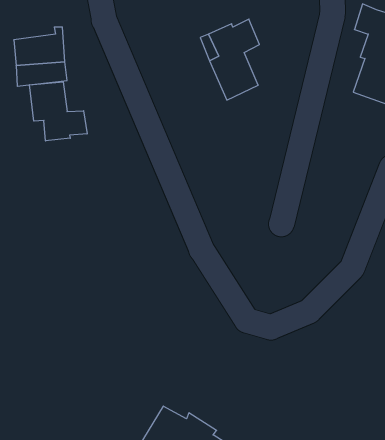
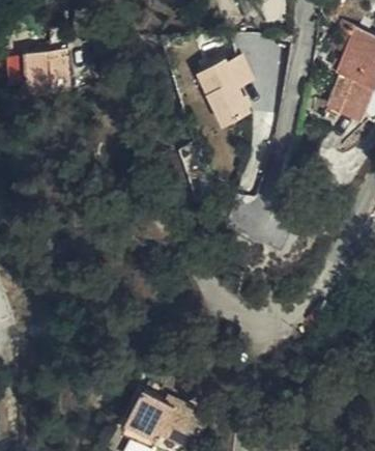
building: [30,82,87,141] -> none

